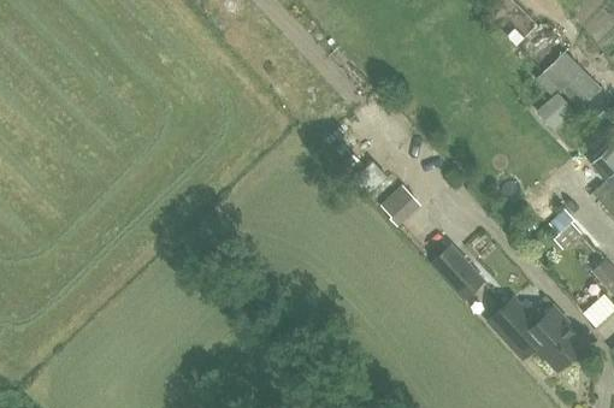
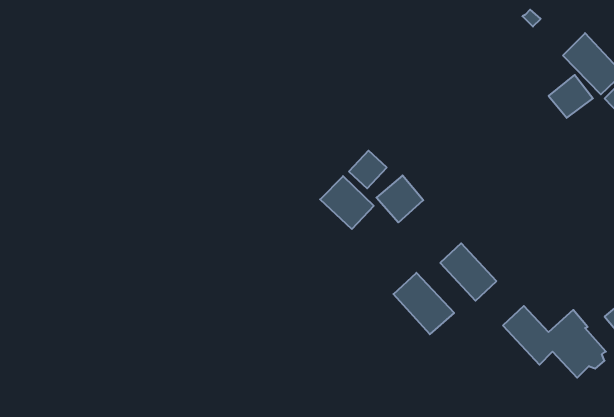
building: none -> [320,176,374,229]
building: none -> [393,273,454,334]

